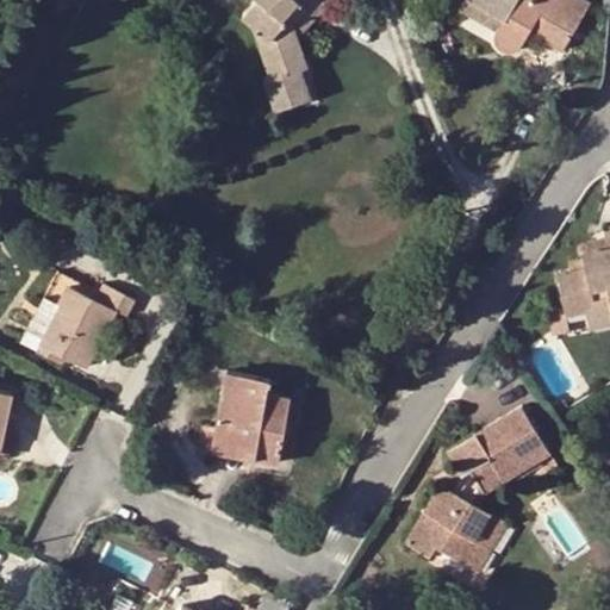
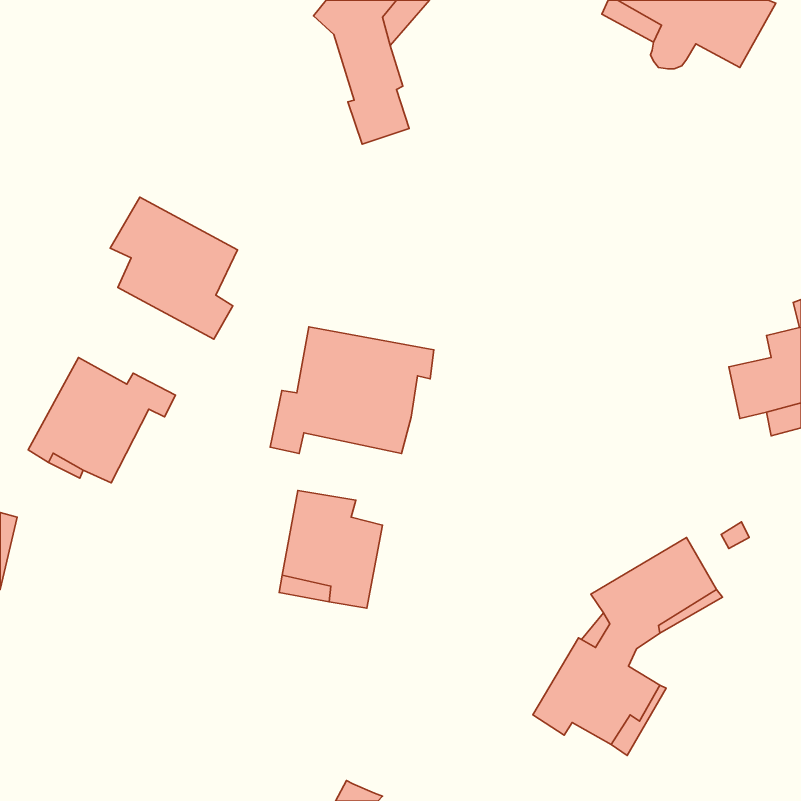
building: none -> [110,197,237,339]
building: none -> [270,327,434,454]

